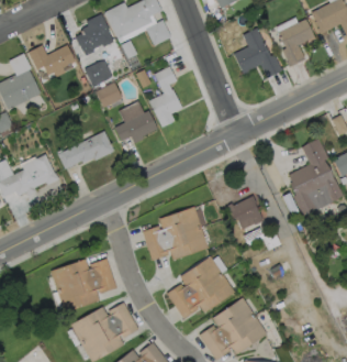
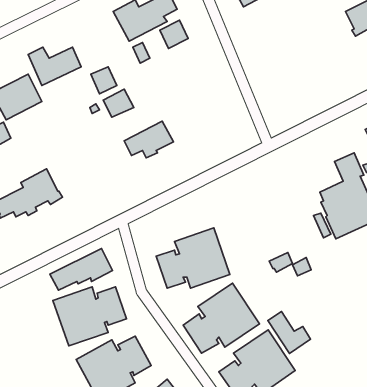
building: [76,13,114,55] -> none
building: [279,19,315,66] -> none
building: [234,28,283,77] -> none
building: [149,66,182,127] -> none
building: [58,131,114,168] -> [50,248,113,290]
building: [227,195,264,229] -> none
building: none -> [268,311,311,354]

